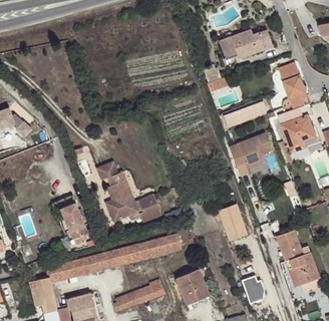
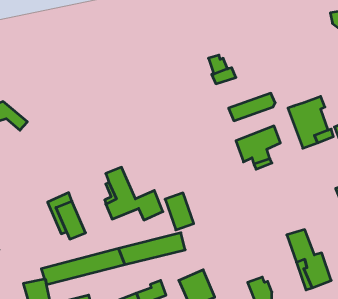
building: [219,29,273,60] -> none
building: [278,62,308,113] -> none
building: [219,205,246,240] -> [165,193,194,230]

